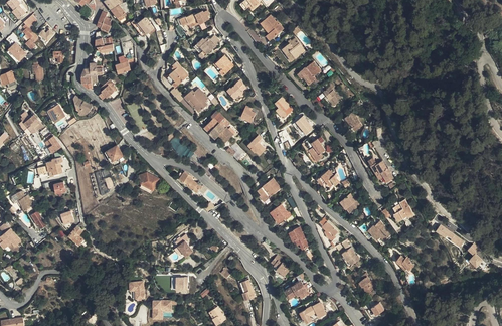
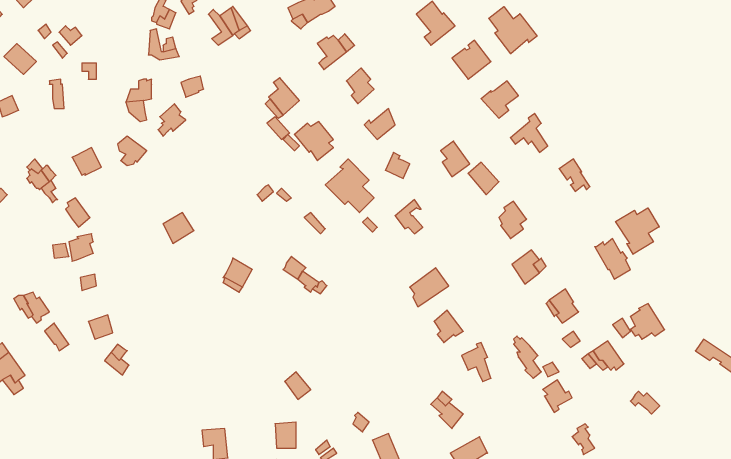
building: none -> [489,7,537,54]
building: none -> [616,208,659,254]

